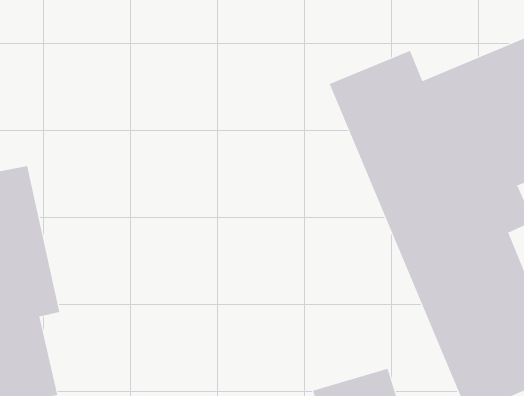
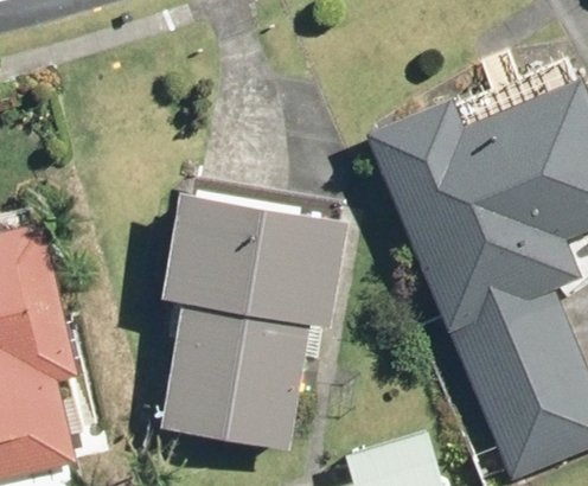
building: none -> [164,191,345,324]
building: none -> [161,313,308,449]

